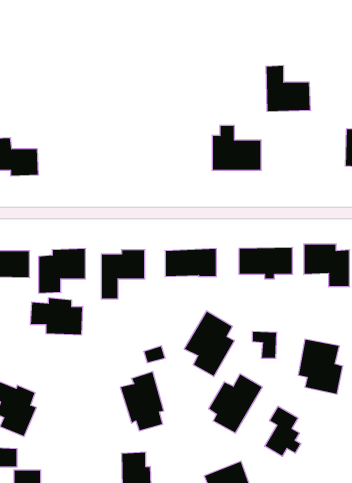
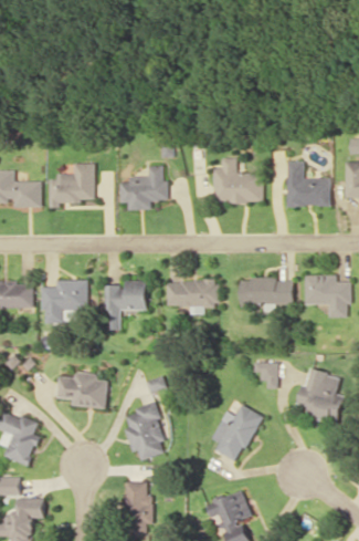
building: [266,66,311,111] -> [286,162,330,207]
building: none -> [49,164,96,208]
building: none -> [119,166,169,210]
building: [30,298,83,335] -> [56,372,108,408]
building: [184,311,234,377] -> none
building: [265,406,301,456] -> none

